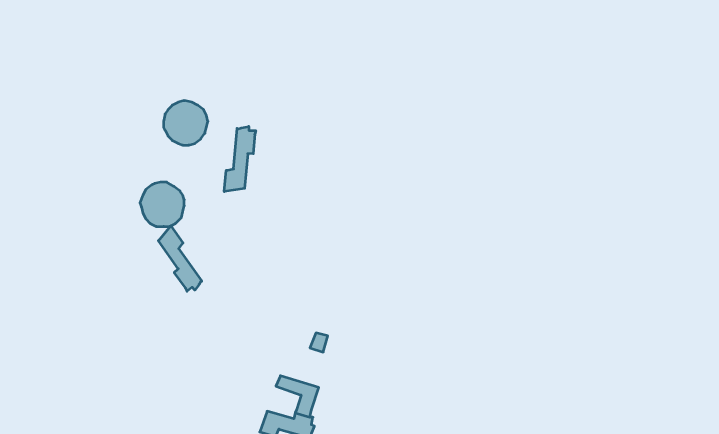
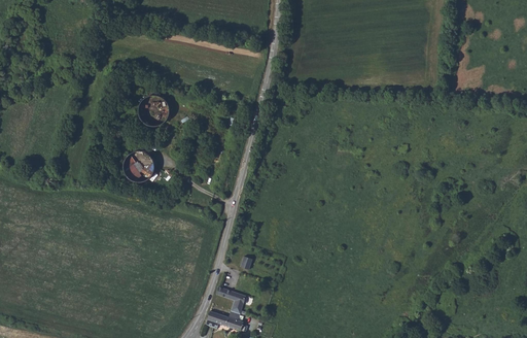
building: [224,126,256,192] -> none
building: [158,226,202,291] -> none

